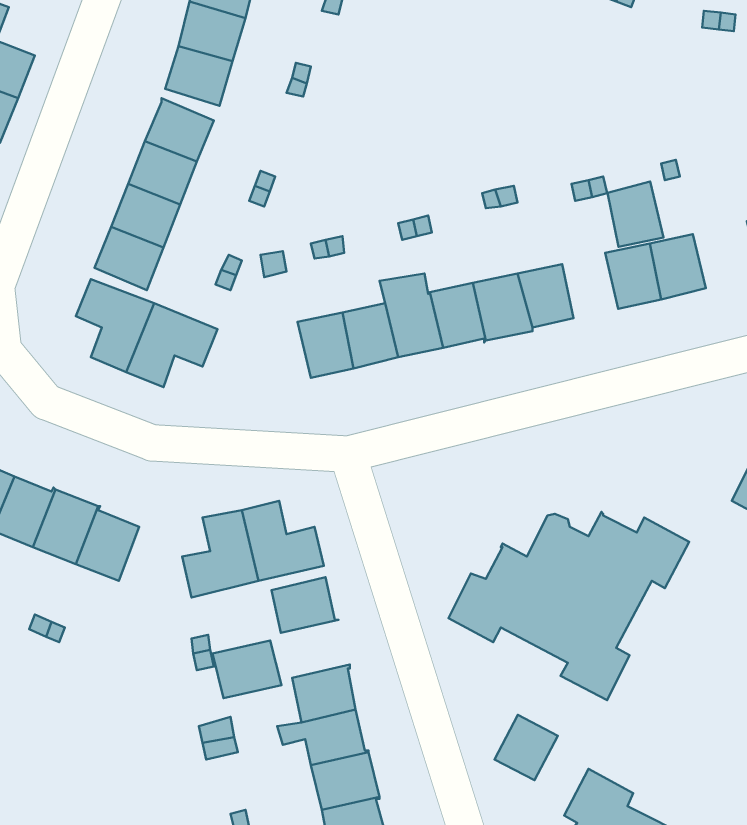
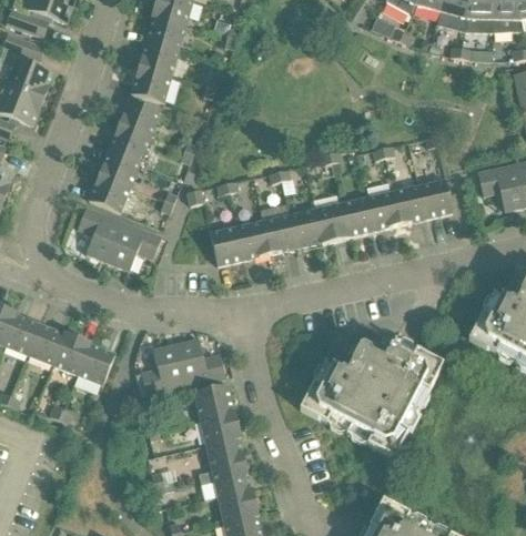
building: [607,182,663,247] -> [367,191,401,230]
building: [212,640,281,698] -> [200,409,241,444]
building: [495,715,558,780] -> none

